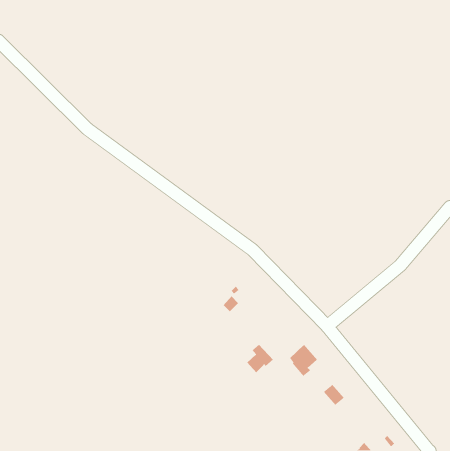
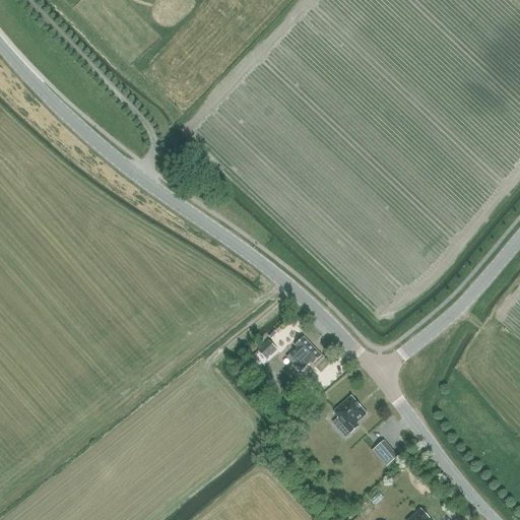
building: [246,344,274,373] -> [288,338,320,372]

